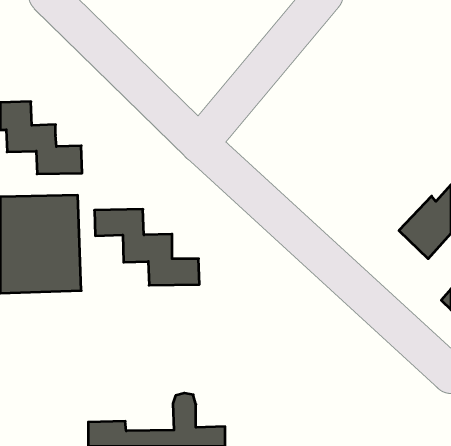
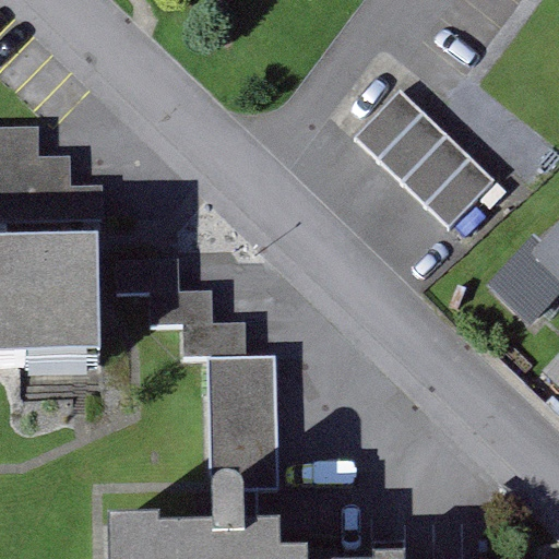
building: none -> [356,90,493,226]
building: none -> [206,356,276,476]

